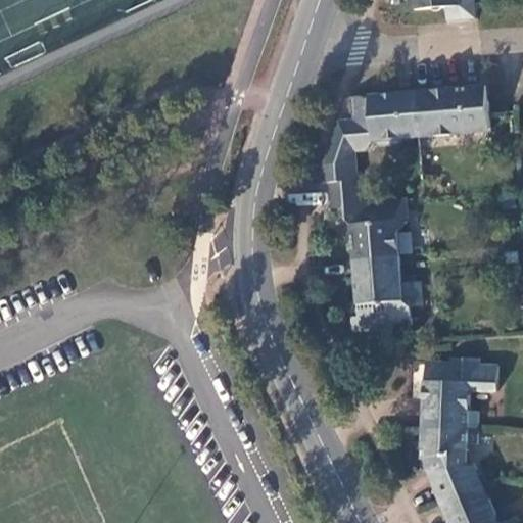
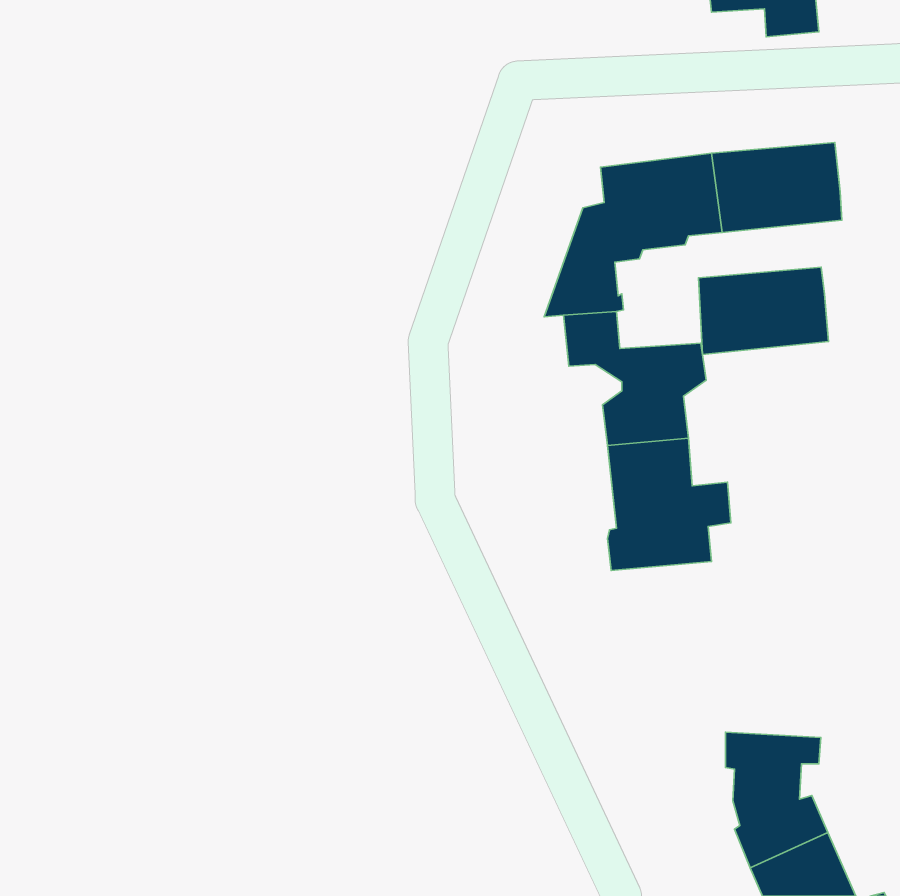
building: none -> [698,267,829,355]
building: [421,355,498,428] -> none

